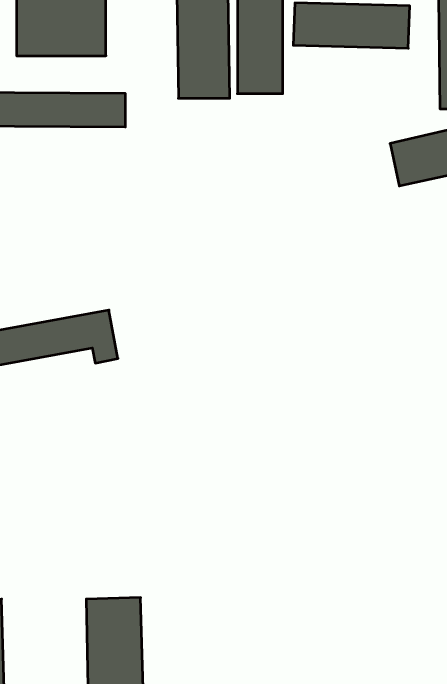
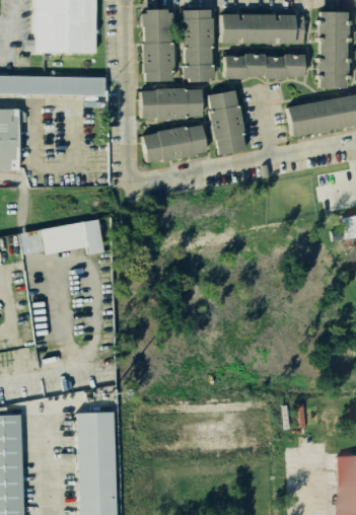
building: none -> [221,53,301,78]
building: none -> [140,87,202,118]
building: none -> [207,89,247,156]
building: none -> [143,126,206,162]

